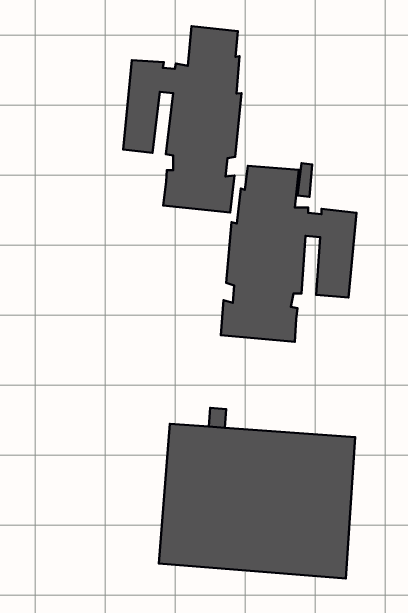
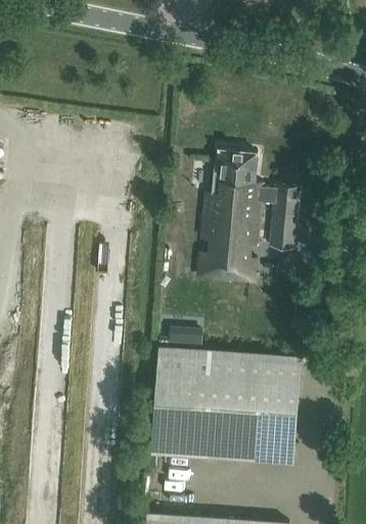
building: [123,26,242,212] -> none

